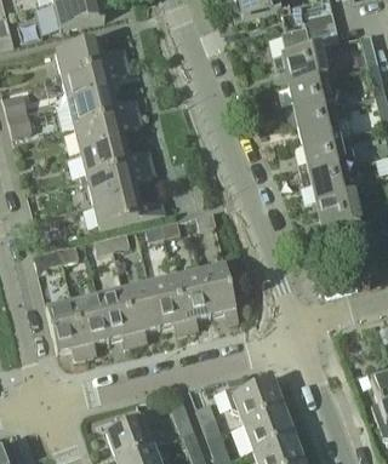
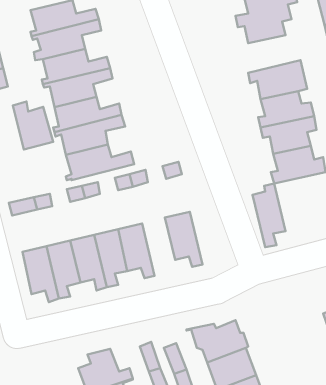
building: [284,75,342,115] -> none
building: none -> [13,101,53,149]
building: [173,263,209,331] -> [253,183,286,247]

